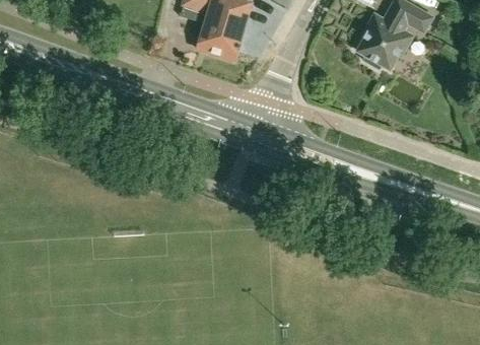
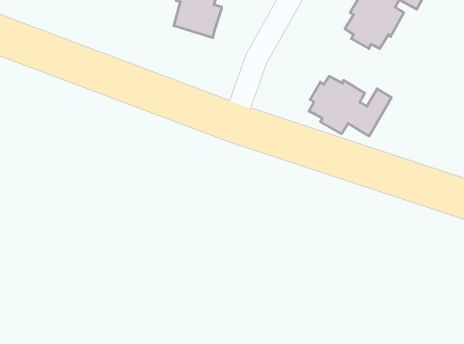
building: none -> [309,76,391,136]

